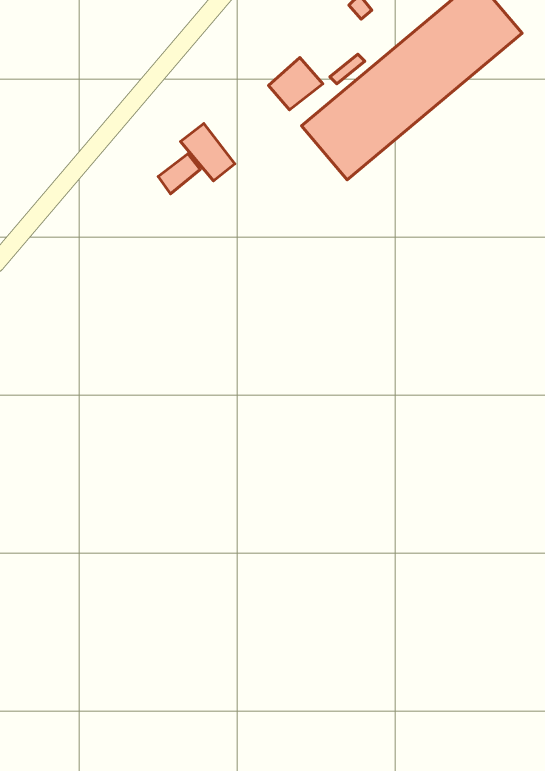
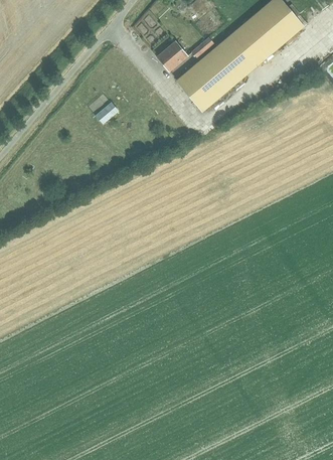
building: [181,123,235,181] -> none

